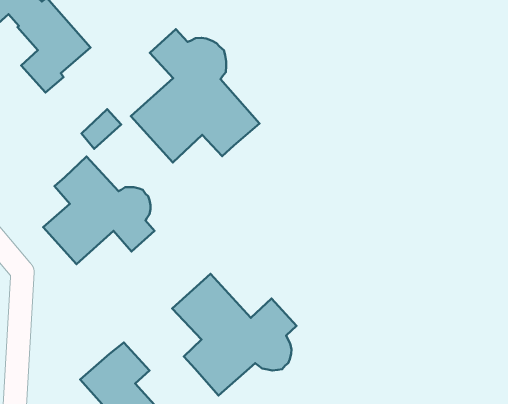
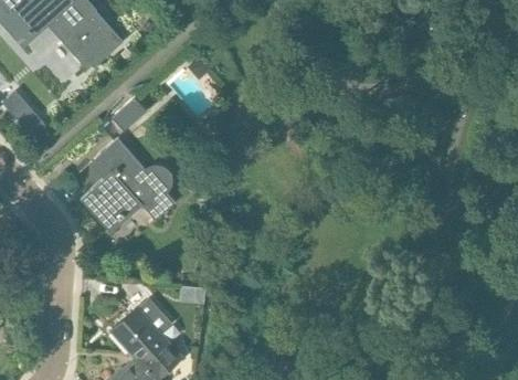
building: [131,29,260,163] -> none
building: [172,274,296,395] -> none

